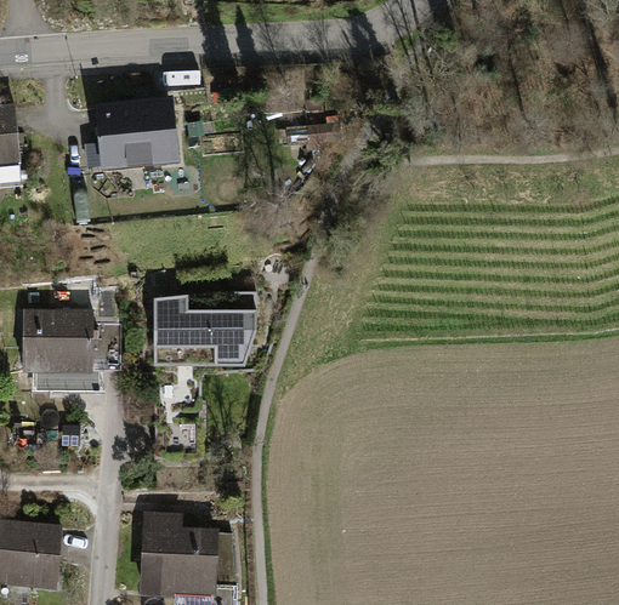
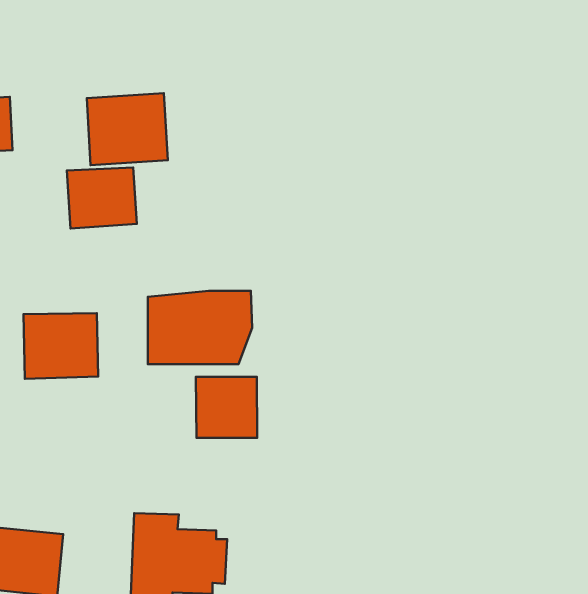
building: none -> [67,167,137,228]
building: none -> [196,377,257,438]

